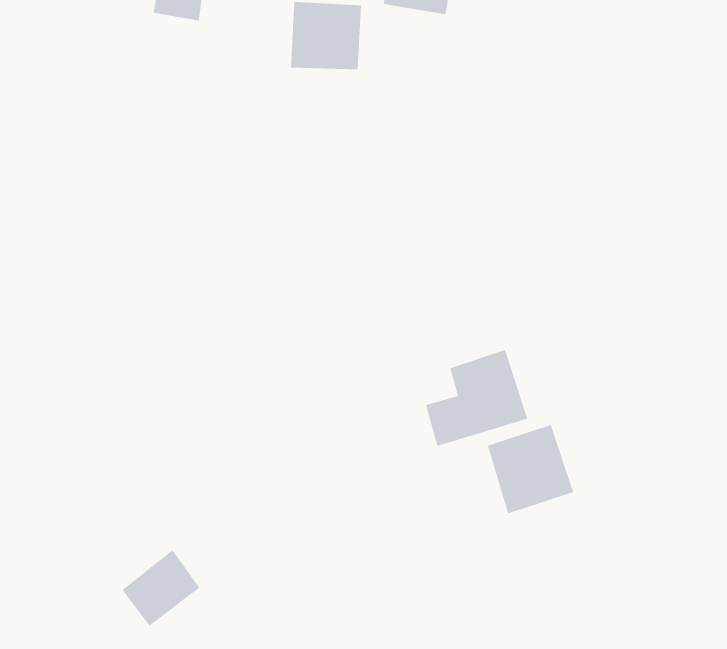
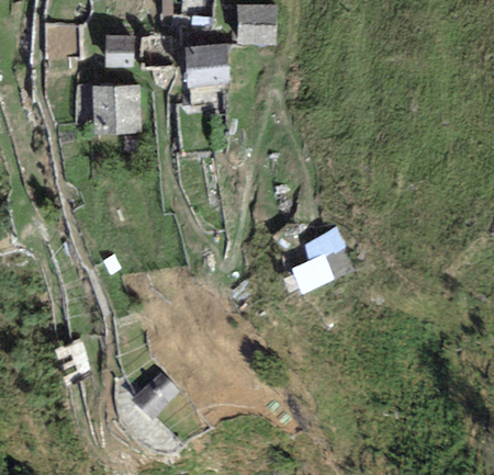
building: none -> [93,84,139,131]
building: [487,424,574,514] -> none

